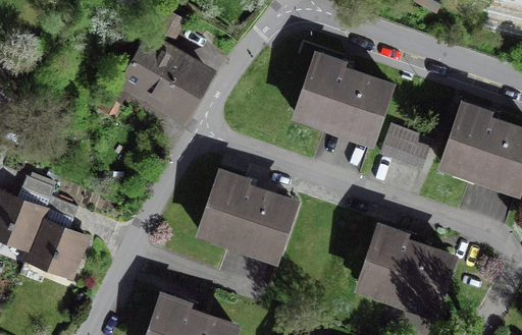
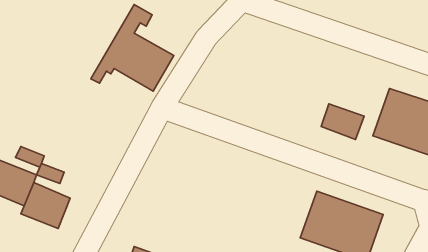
building: [297,56,390,138] -> none
building: [200,176,296,259] -> none

